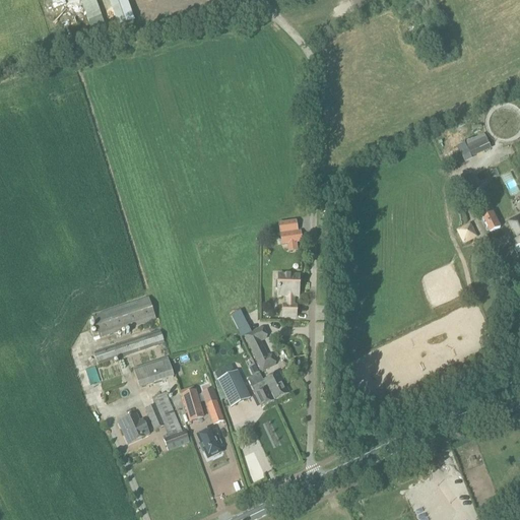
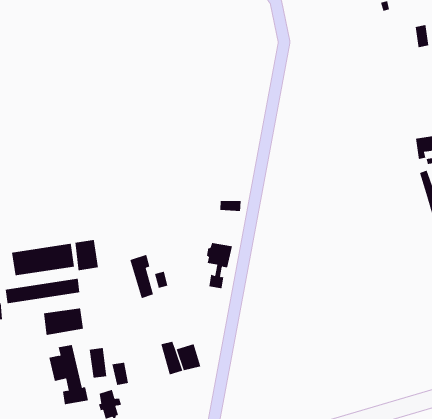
building: none -> [75,239,99,271]
building: [245,325,273,368] -> [130,254,154,299]
building: [218,368,251,404] -> none
building: [119,410,150,441] -> none

